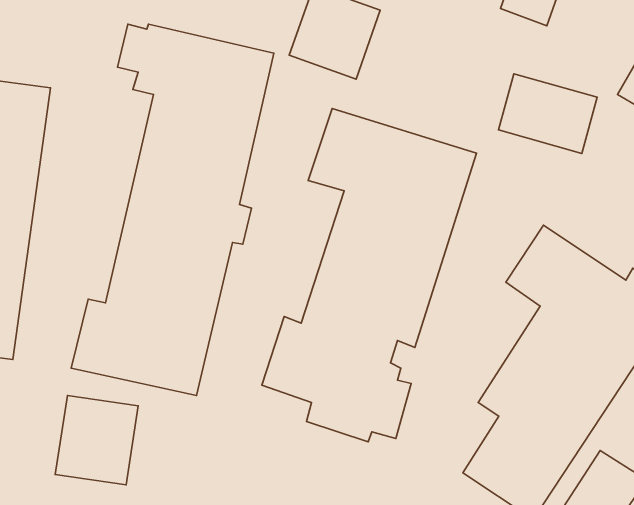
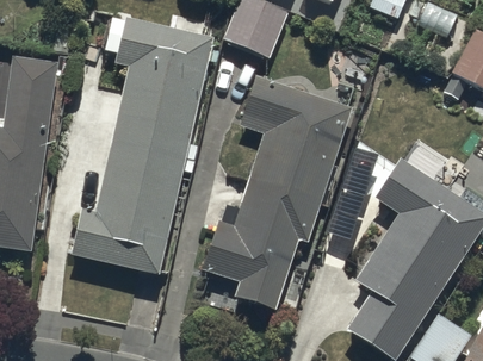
building: [499,74,597,153] -> none
building: [55,395,138,485] -> none

